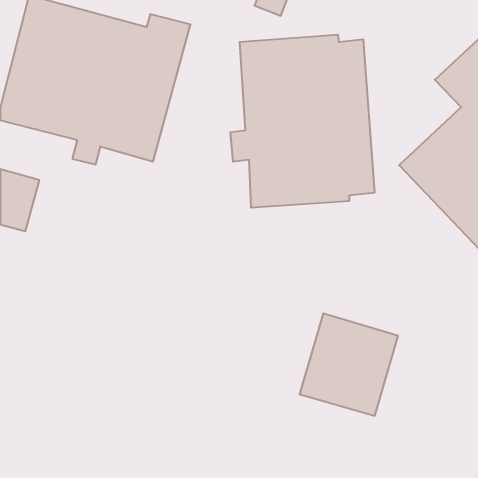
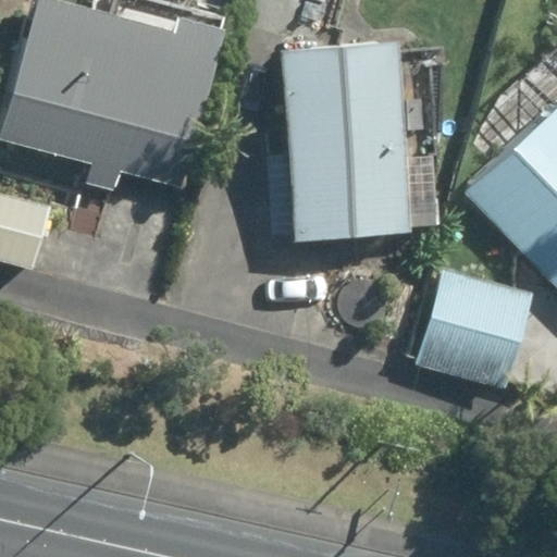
building: [300,313,398,416] -> [416,270,530,388]

